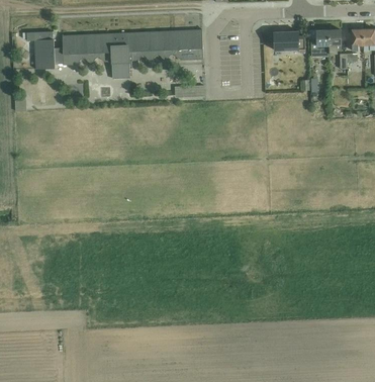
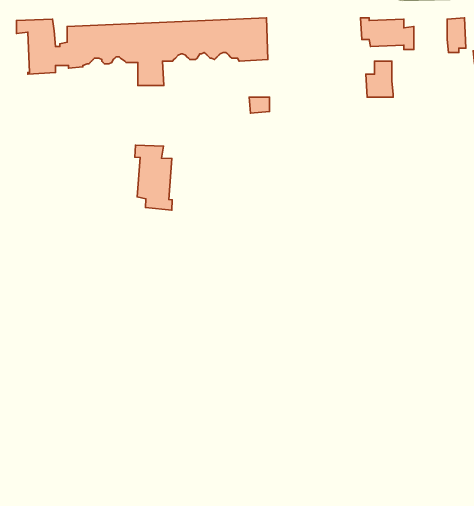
building: [310,30,330,56] -> [366,61,393,97]
building: none -> [135,145,172,210]

